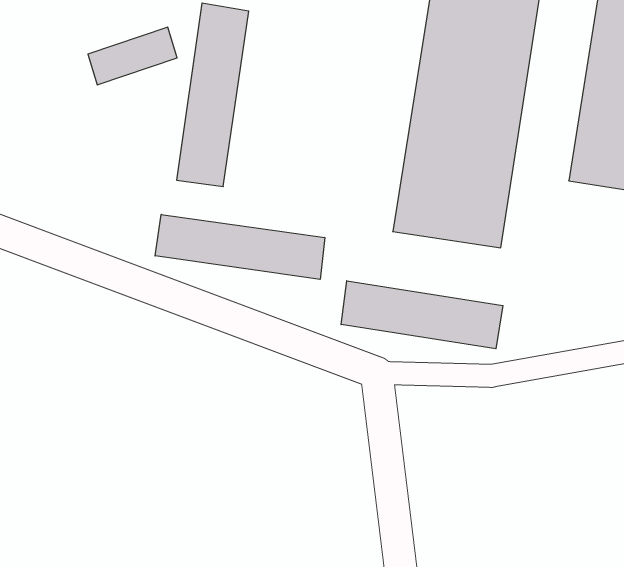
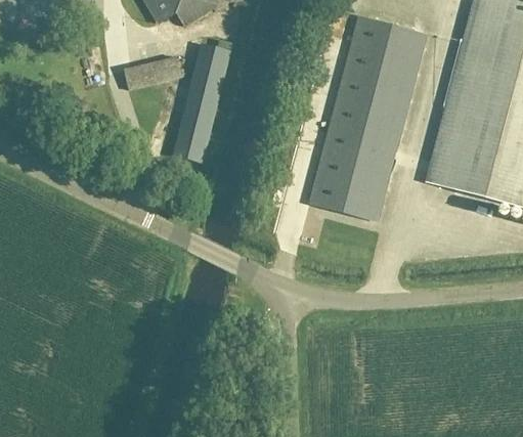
building: [155,214,325,279] -> none
building: [341,281,503,349] -> none

